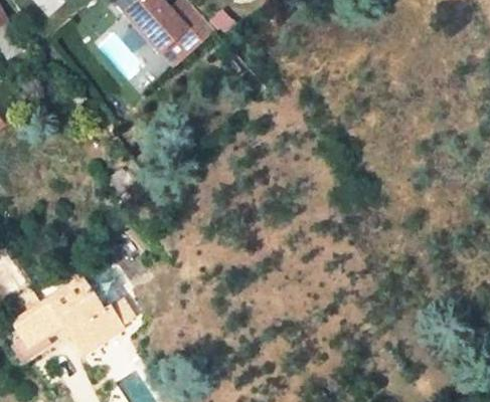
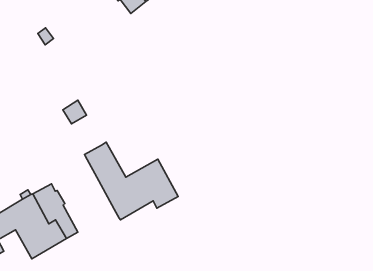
building: none -> [85,142,178,220]

